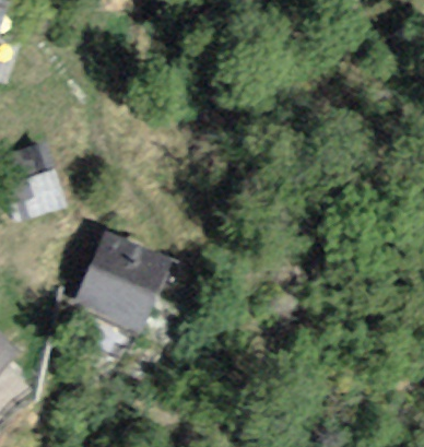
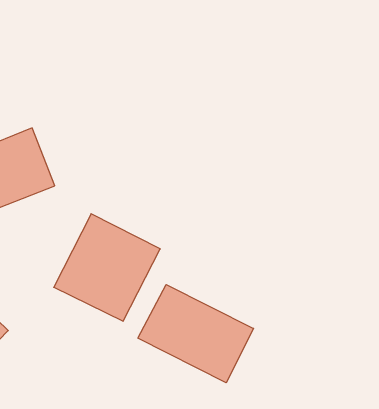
building: none -> [138,285,254,383]

